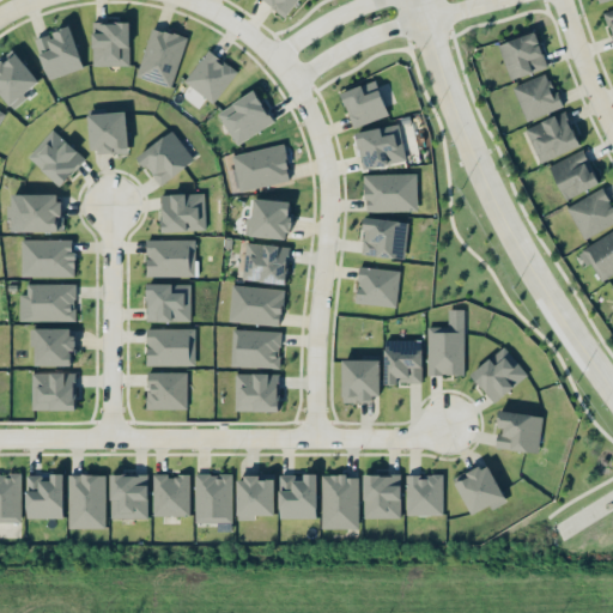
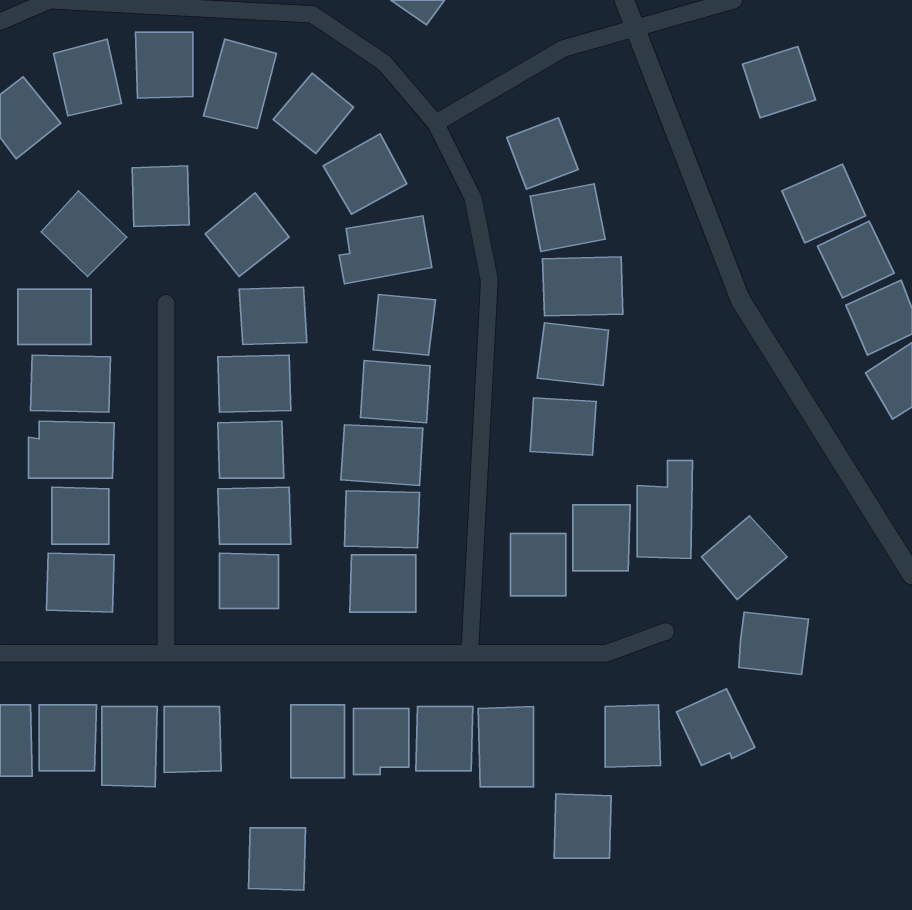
building: [512,73,562,121] -> none
building: [152,475,190,517] -> [248,828,306,890]
building: [363,475,401,518] -> [554,794,611,858]

